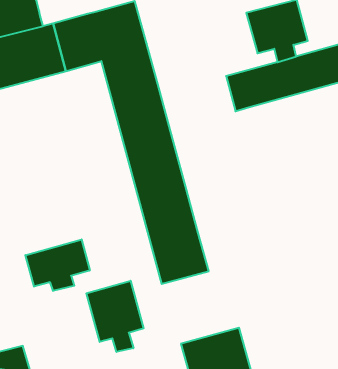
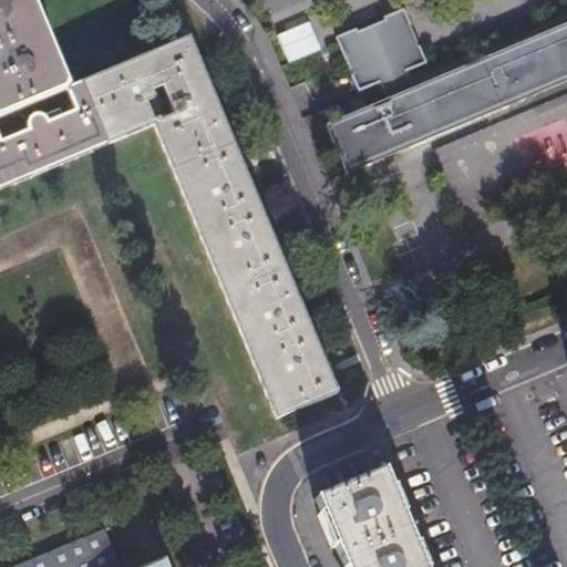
building: [25,239,90,291] -> none
building: [86,281,144,352] -> none

